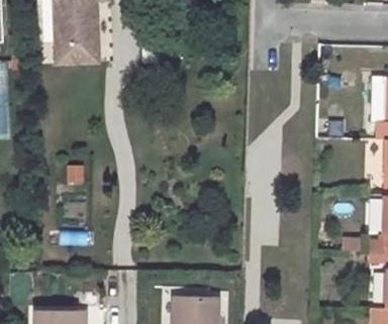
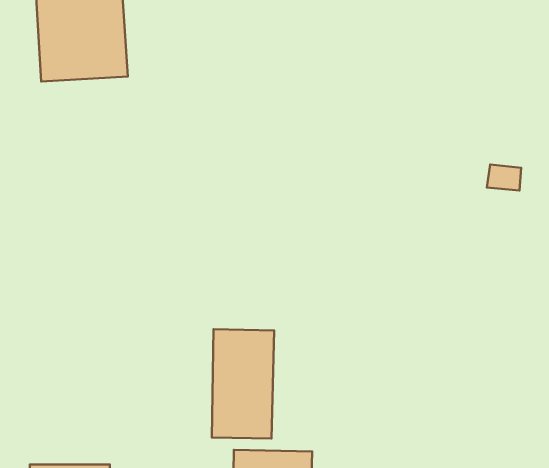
building: none -> [212,329,274,439]

